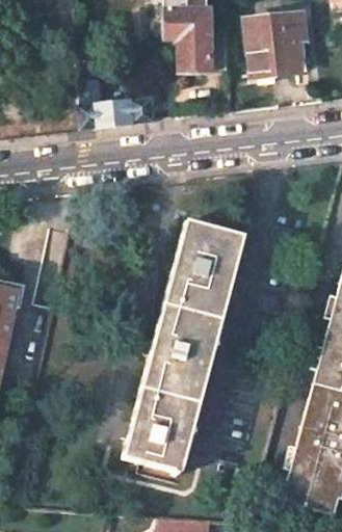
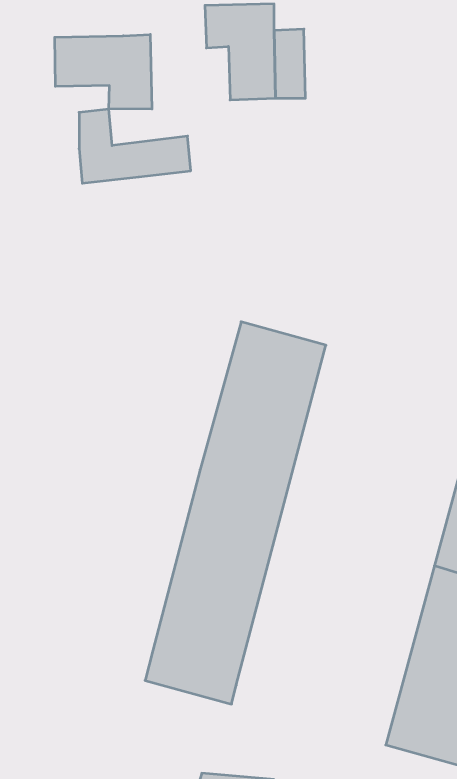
building: [246,15,306,74] -> none
building: none -> [55,34,152,109]

